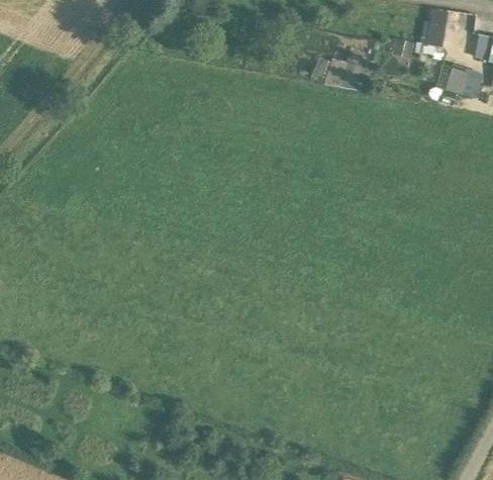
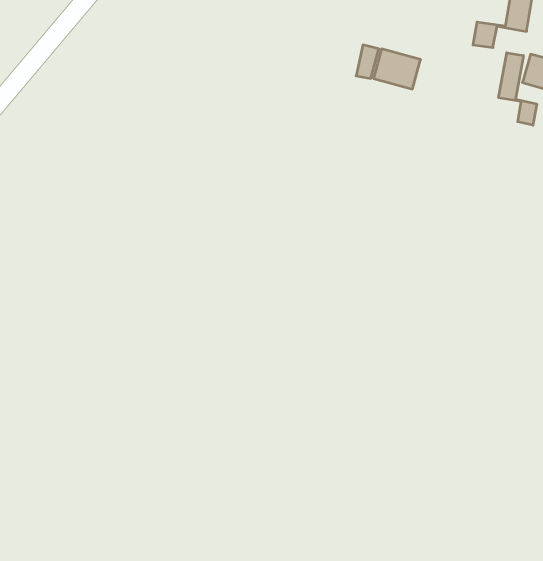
building: none -> [499,53,537,125]

